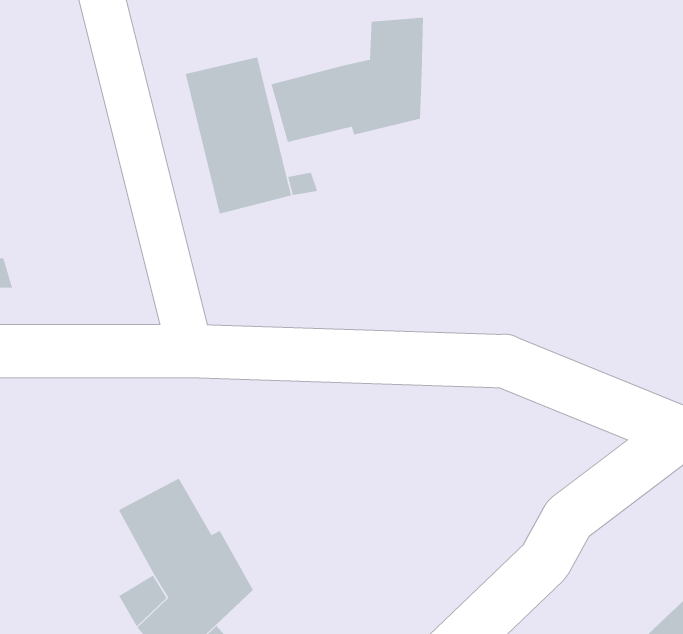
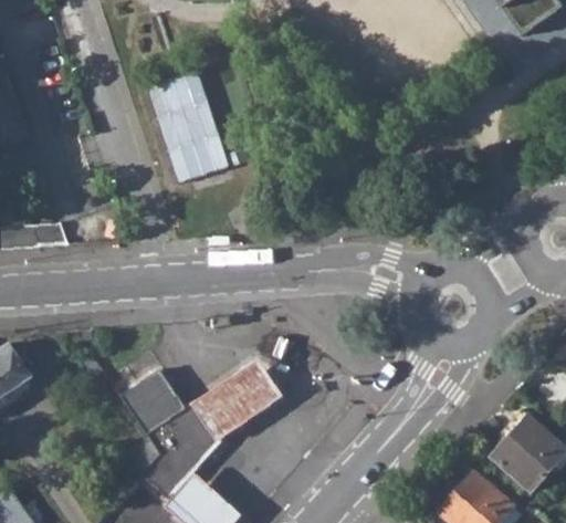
building: [270,17,424,143] -> none
building: none -> [193,356,289,442]

